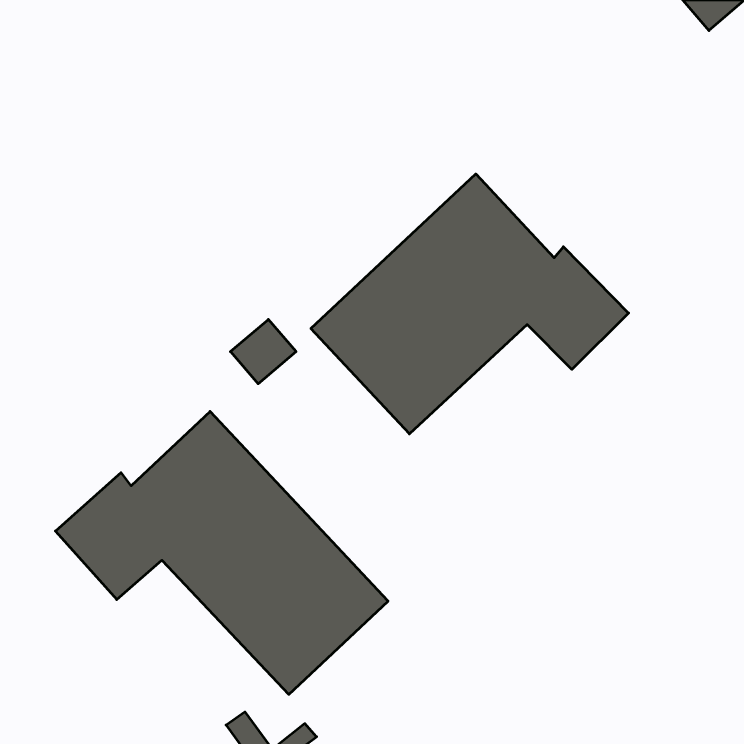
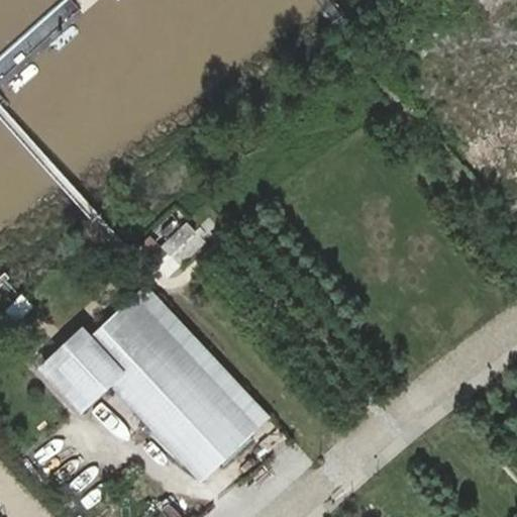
building: [311,174,629,434] -> none

